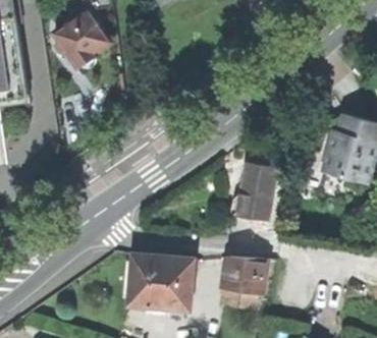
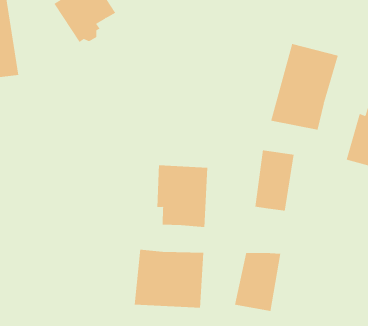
building: none -> [270,43,338,131]
building: none -> [157,165,208,228]

